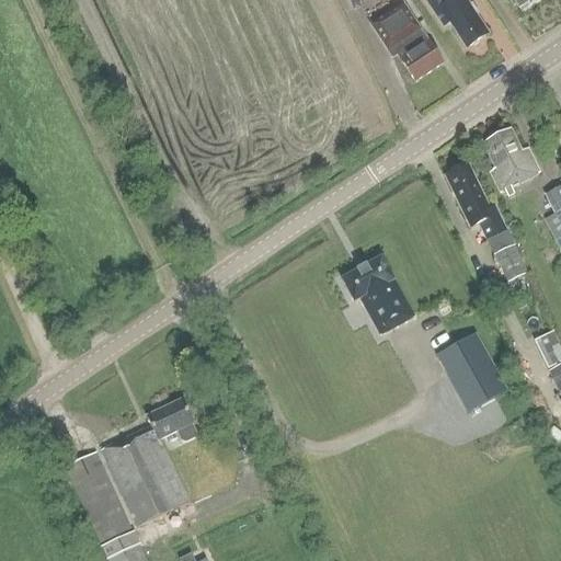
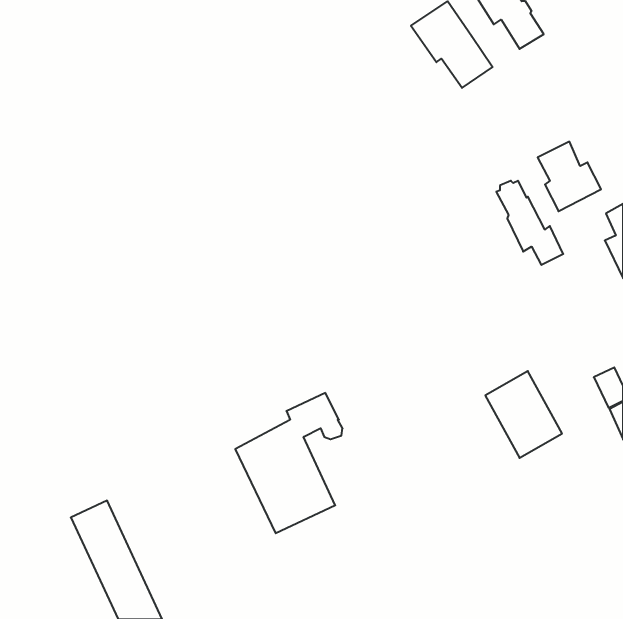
building: [486,228,526,279] -> none
building: [341,253,414,332] -> none
building: [100,398,196,524] -> [235,393,343,533]

